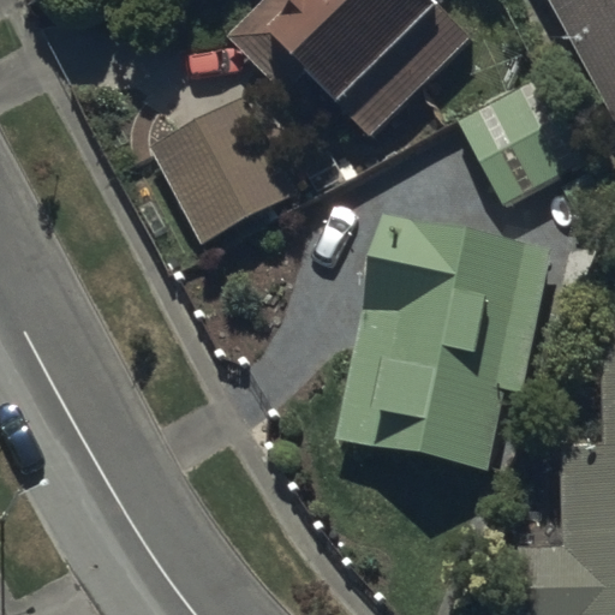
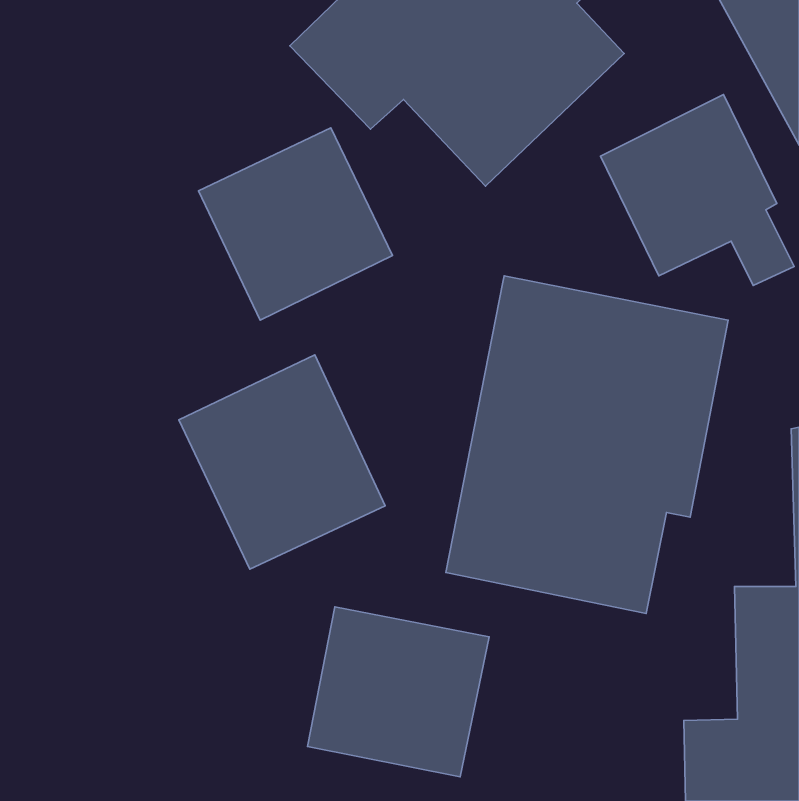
building: none -> [179,355,385,569]
building: none -> [307,607,489,777]

